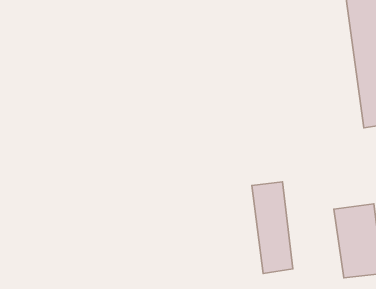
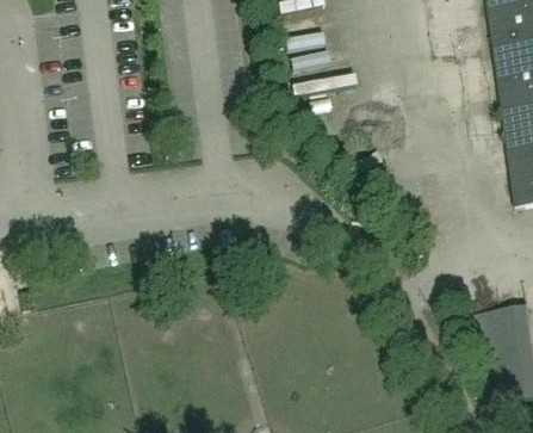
building: [252,182,293,274] -> none

